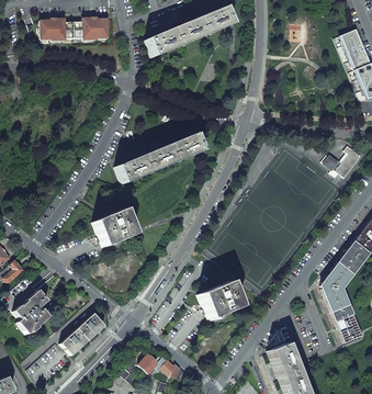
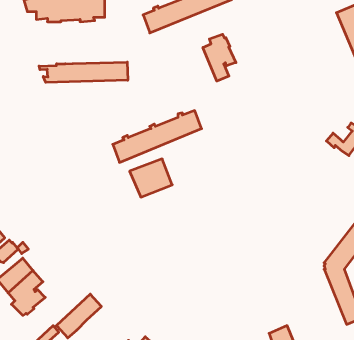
building: none -> [203,34,236,81]
building: none -> [39,62,128,82]
building: [93,209,135,246] -> [130,159,172,197]
building: [199,280,240,319] -> none

